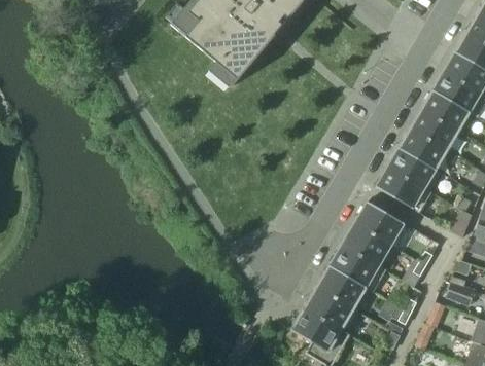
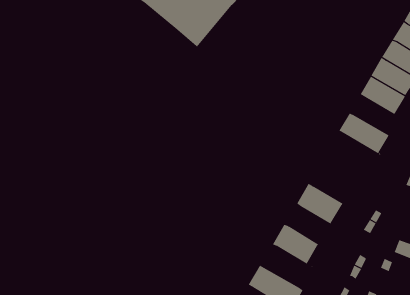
building: [397,130,446,174] -> none
building: [375,168,430,213] -> none
building: [354,202,404,245] -> none
building: [328,245,386,292] -> none
building: [303,288,358,336] -> none

